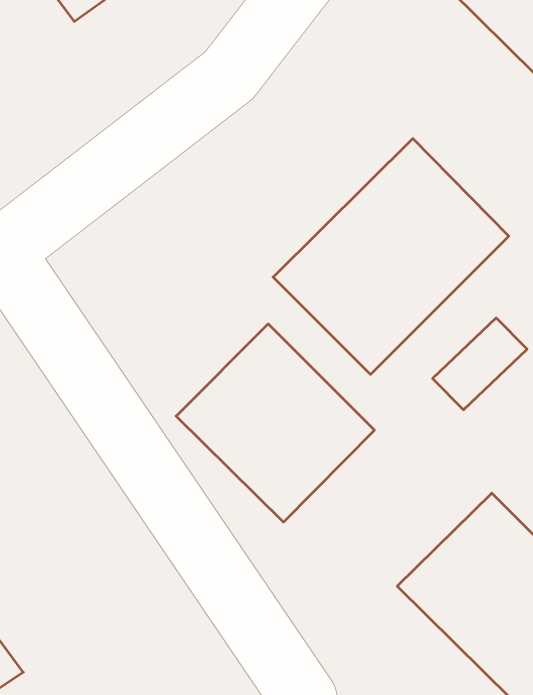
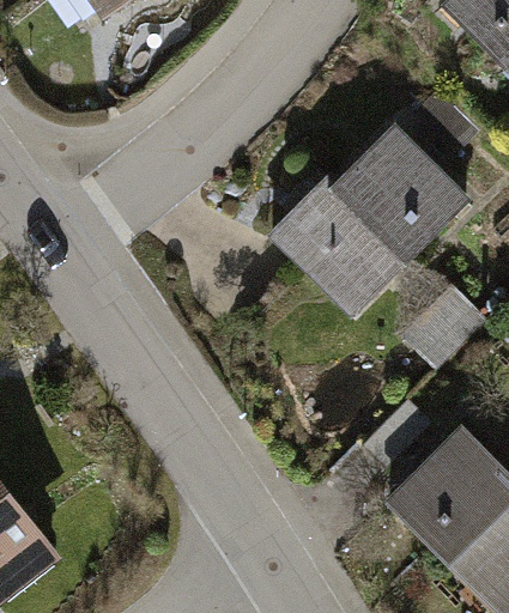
building: [176,324,374,522] -> none

